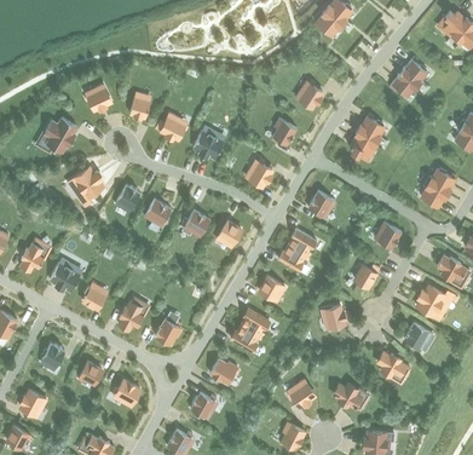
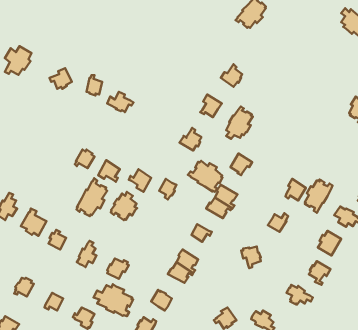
building: [388,57,427,97] -> none
building: [351,115,383,155] -> [226,107,253,139]
building: [44,117,76,152] -> [5,46,31,75]
building: [192,126,223,159] -> none
building: [74,167,103,207] -> none
building: [421,168,455,209] -> [305,179,332,213]
building: none -> [188,161,223,192]
building: none -> [76,178,107,216]
building: none -> [111,192,137,220]
building: none -> [94,284,133,316]

